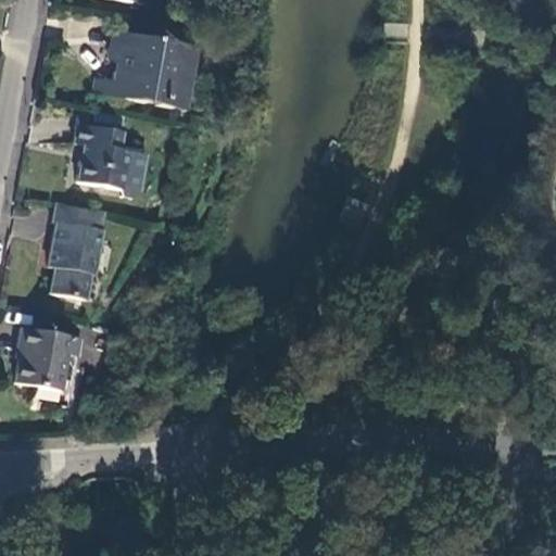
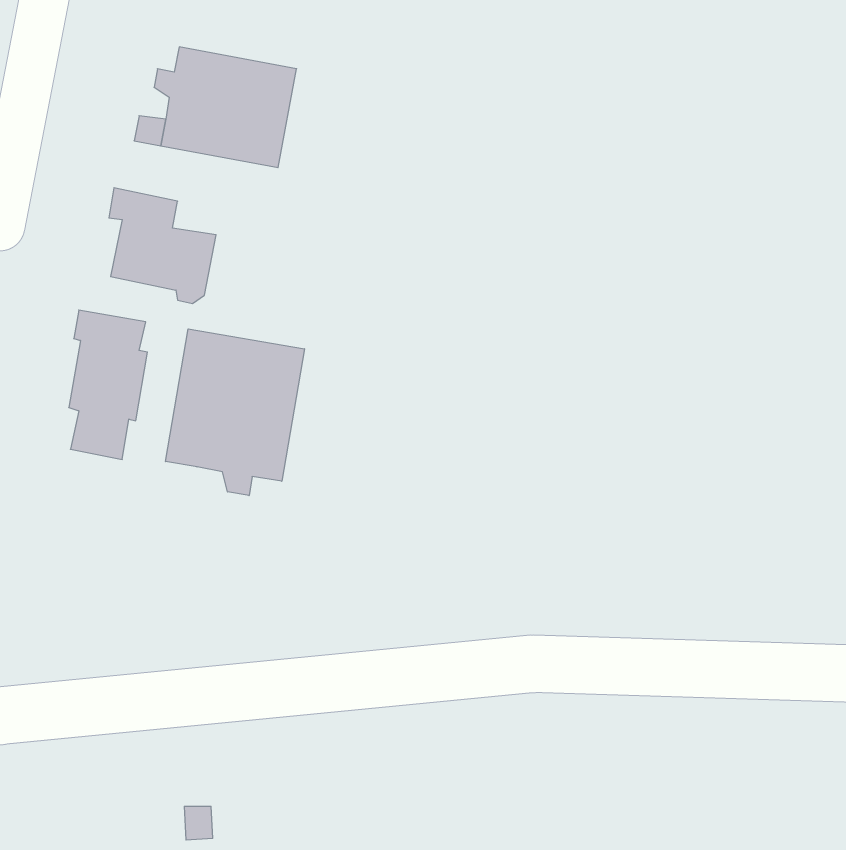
building: none -> [166,329,304,496]
building: [16,326,80,389] -> none

